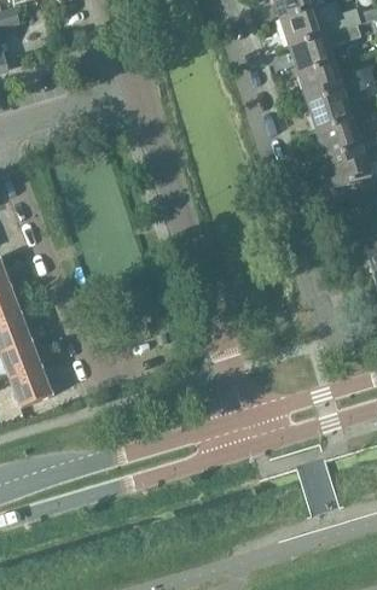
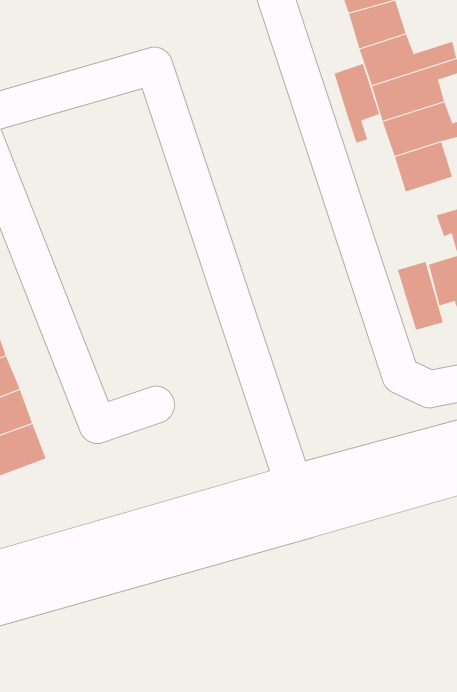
building: none -> [334,63,380,143]
building: none -> [397,261,444,330]

